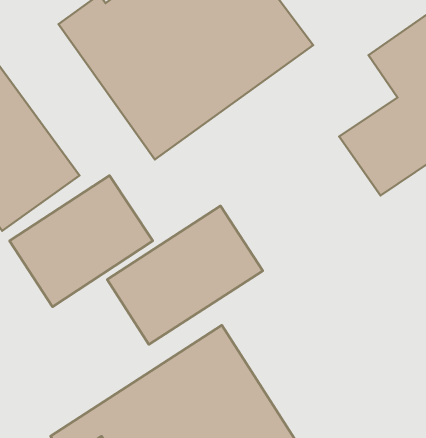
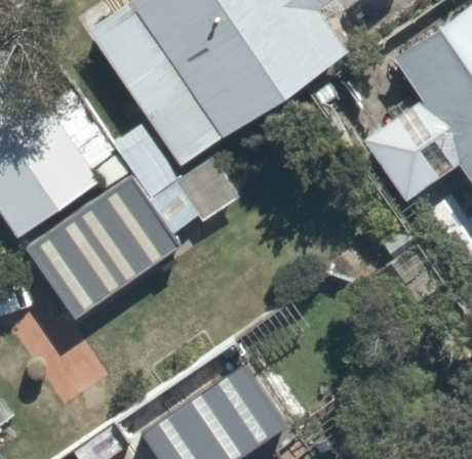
building: [107,206,263,344] -> none

